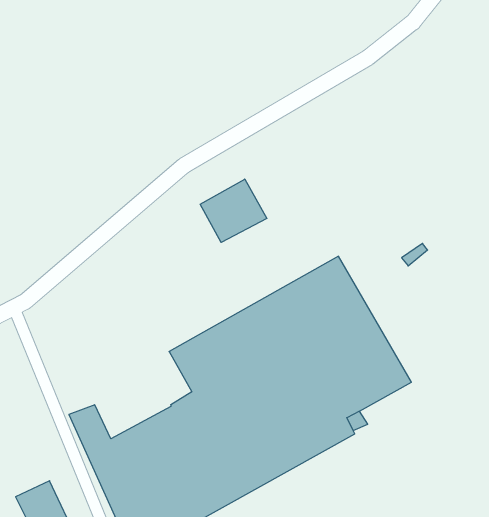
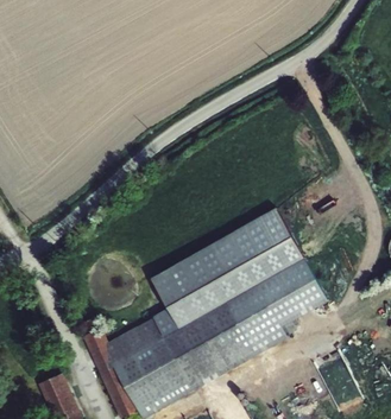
building: [200,179,267,242] -> none

